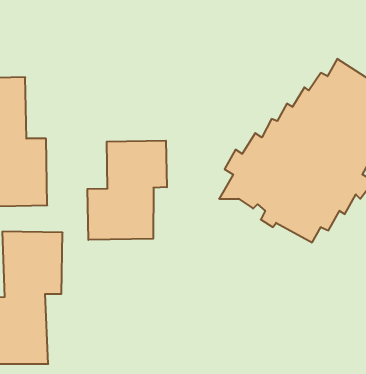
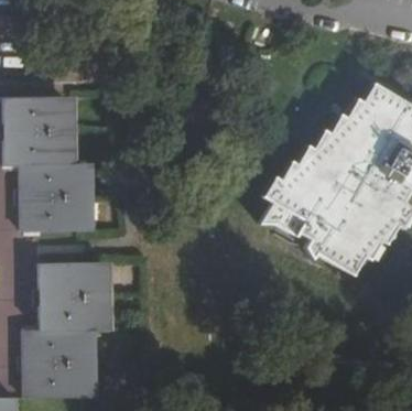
building: [87,141,167,240] -> none

